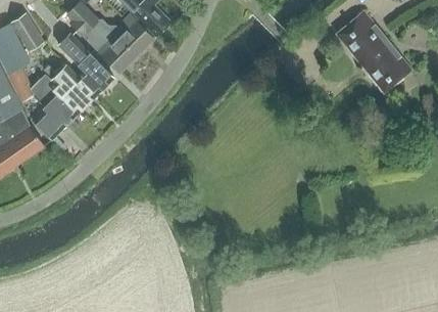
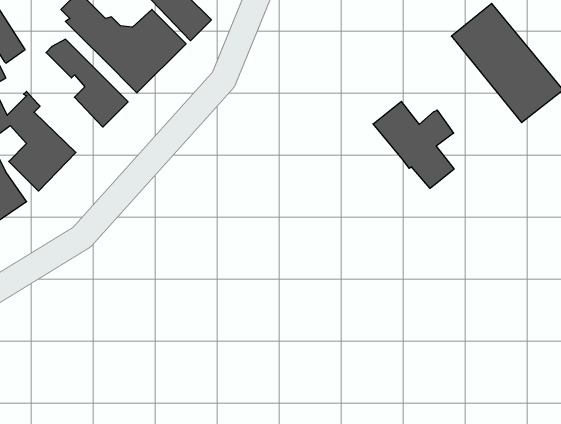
building: [44,64,96,113] -> none
building: none -> [373,101,454,188]

